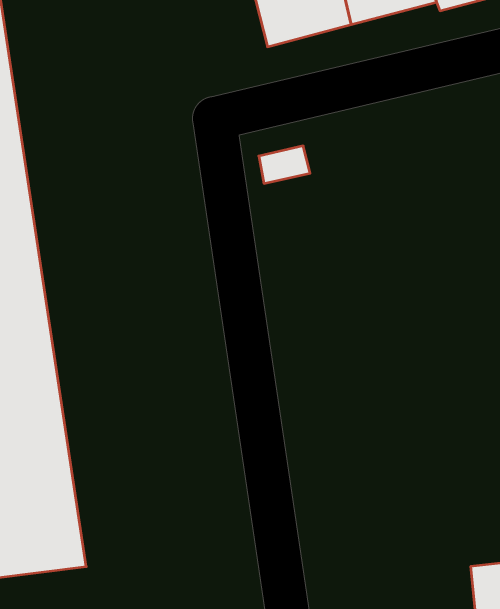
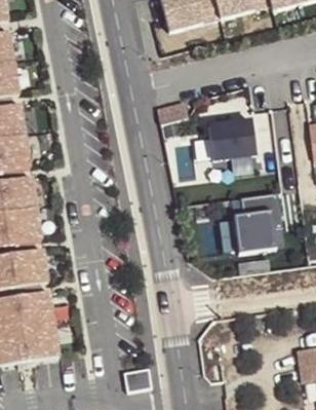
building: none -> [206,104,258,158]
building: none -> [213,203,275,251]

